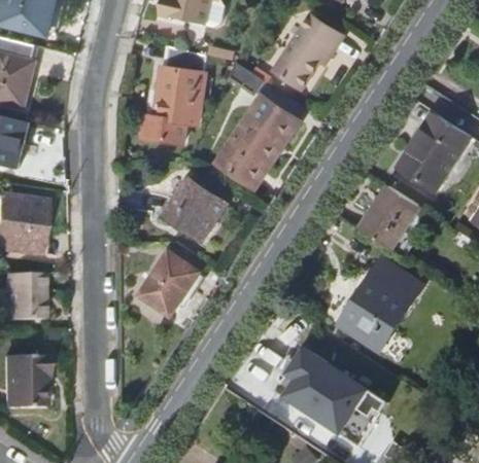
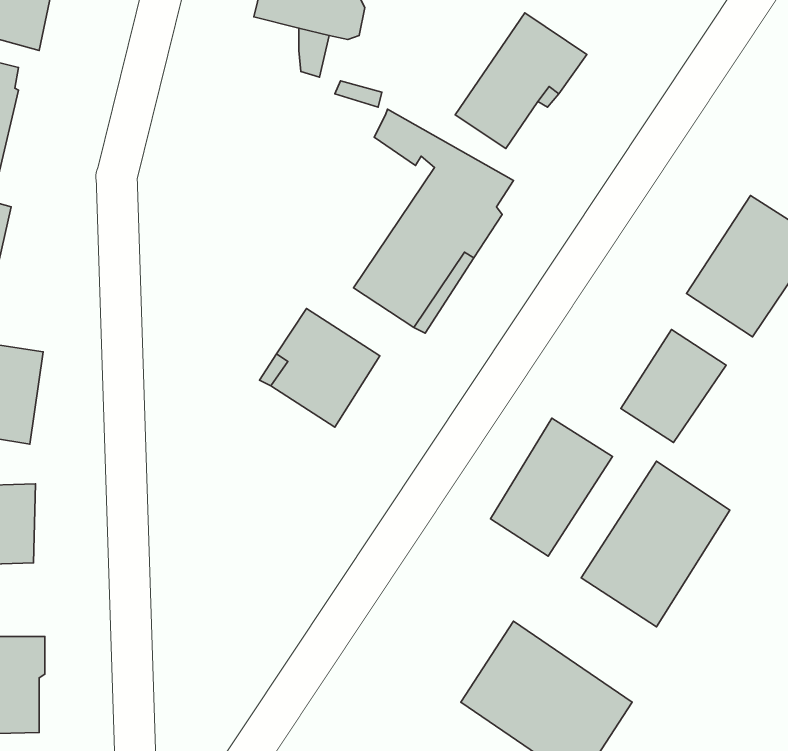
building: [135,47,201,144] -> none
building: none -> [490,418,612,556]
building: [137,251,197,316] -> none

